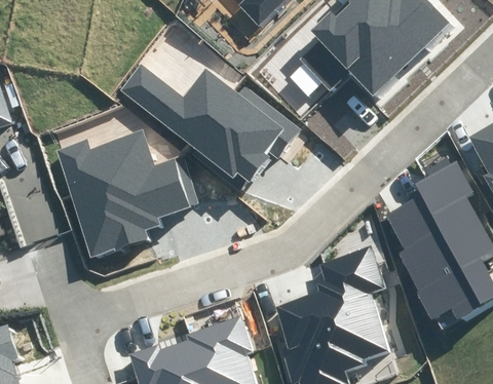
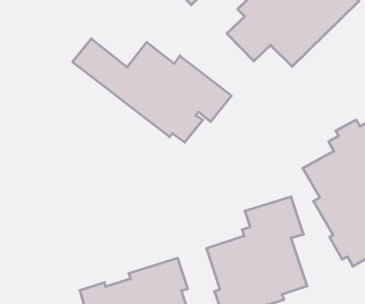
building: [56,130,190,257] -> none

